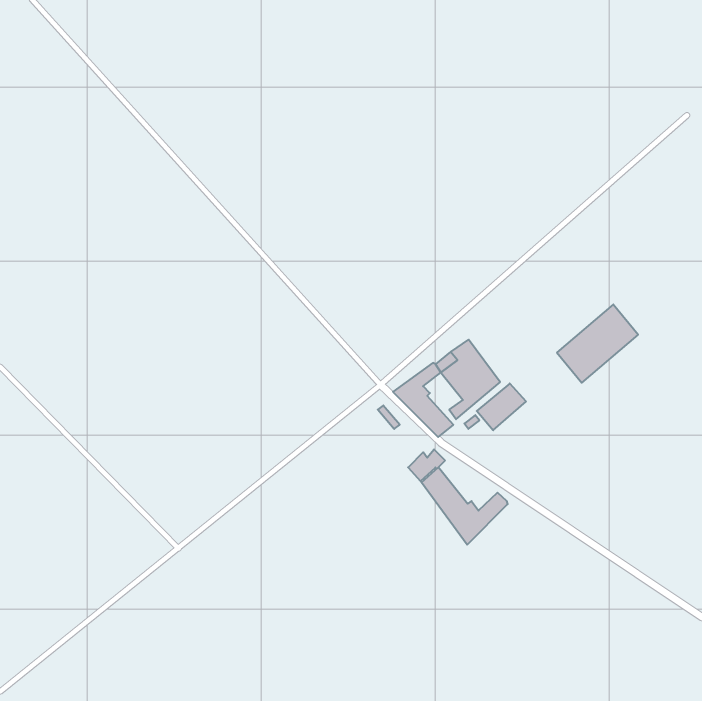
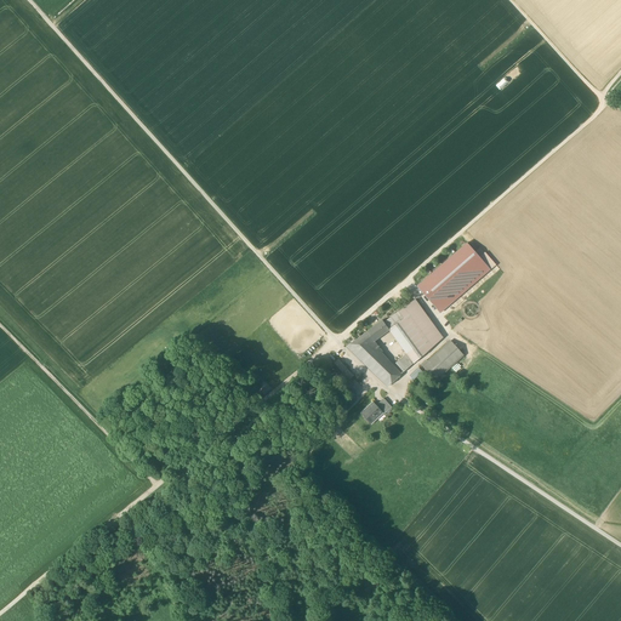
building: [557,304,638,383] -> [417,243,489,312]
building: [421,467,508,545] -> none

